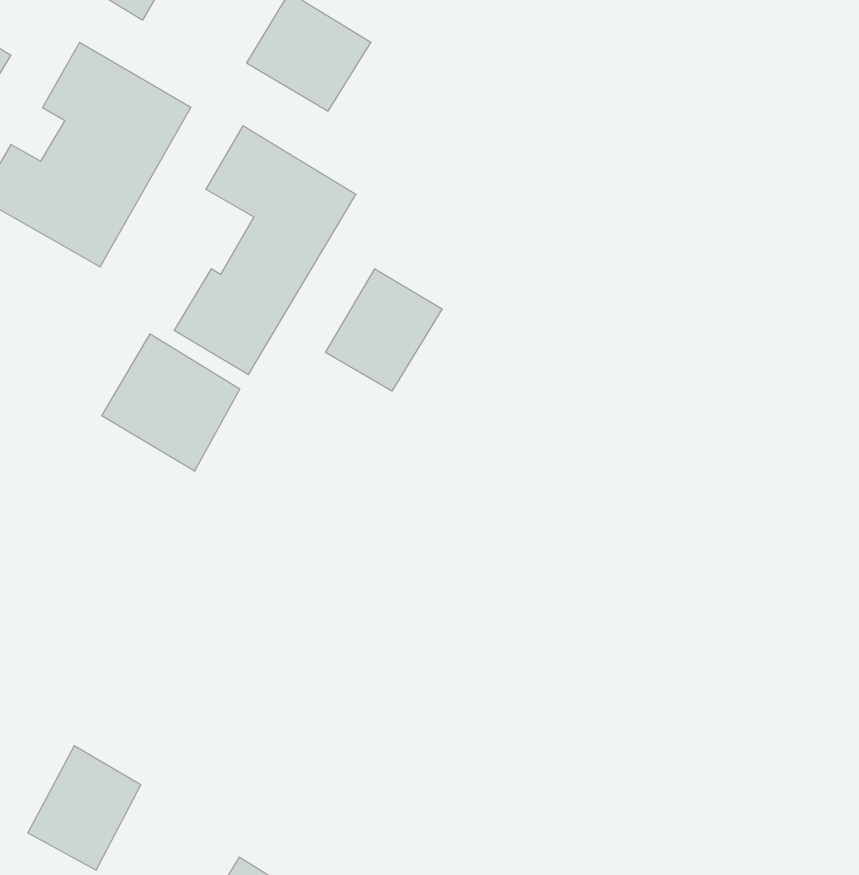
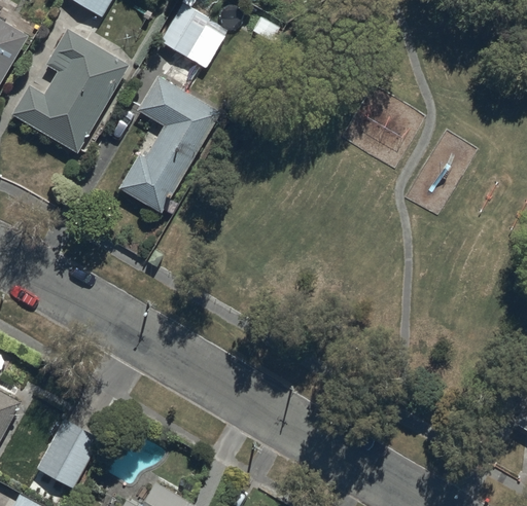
building: [325,269,442,391] -> none
building: [102,334,240,471] -> none

